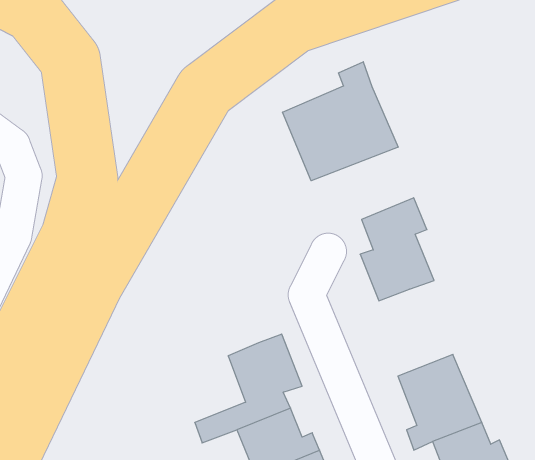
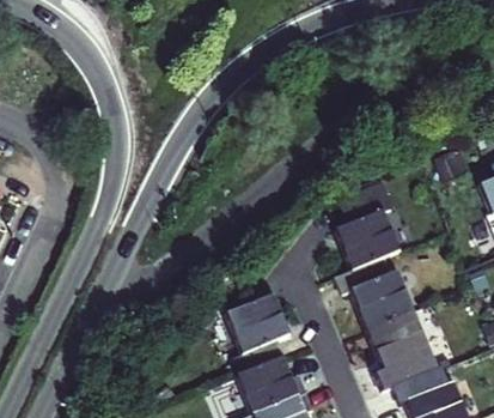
building: [283,62,398,181] -> none
building: none -> [335,256,413,328]

